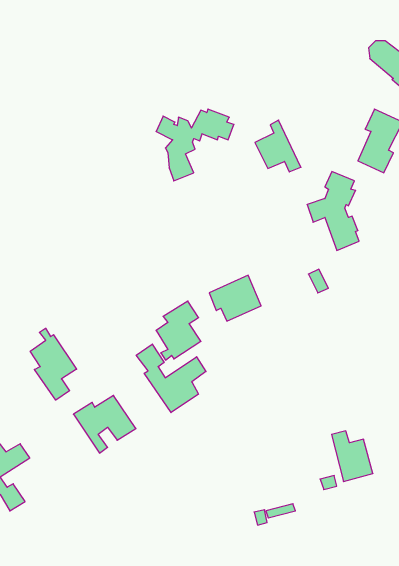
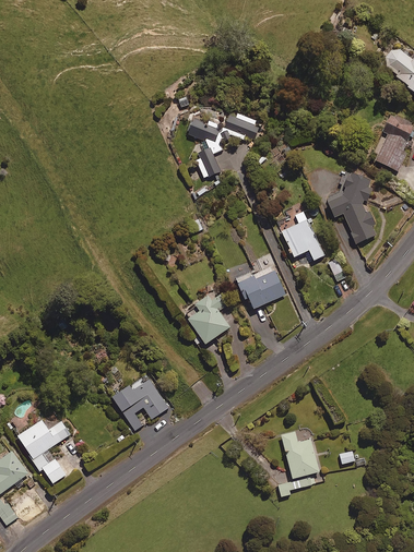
building: [255,120,301,172] -> [281,212,323,260]
building: [30,328,77,400] -> none
building: [136,344,206,413] -> none
building: [332,431,373,482] -> [281,432,319,479]

